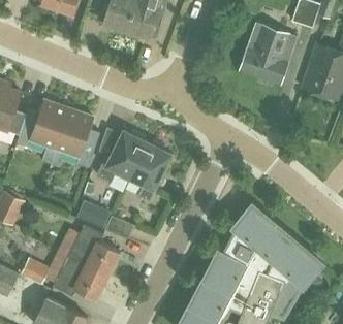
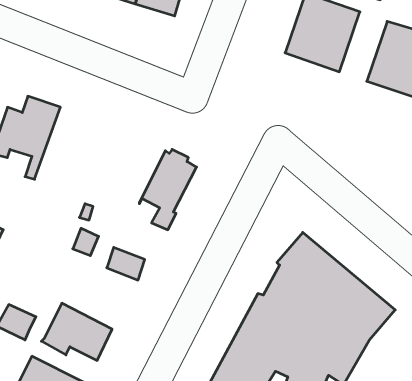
building: [50,109,100,168] -> none
building: [97,131,149,183] -> none
building: [70,227,121,278] -> none

